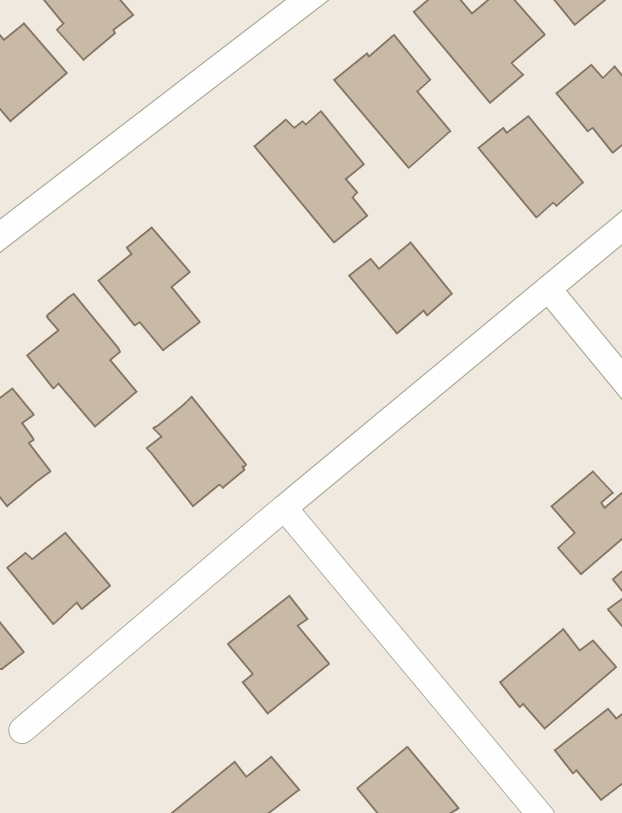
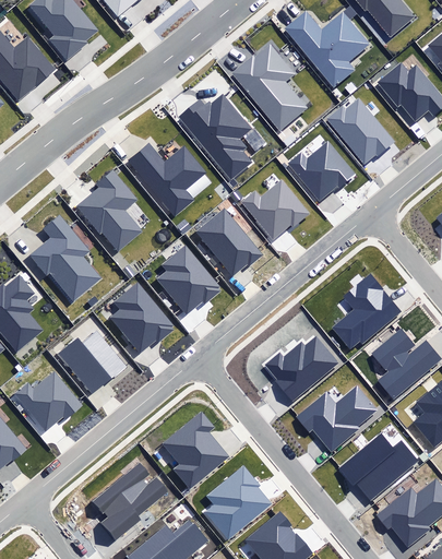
building: none -> [287,141,356,201]
building: none -> [128,143,206,216]
building: none -> [194,207,262,276]
building: none -> [156,245,219,314]
building: none -> [333,275,401,349]
building: none -> [57,333,124,394]
building: none -> [263,333,341,403]
building: none -> [296,383,378,452]
building: none -> [96,465,168,542]
building: none -> [202,466,270,542]

